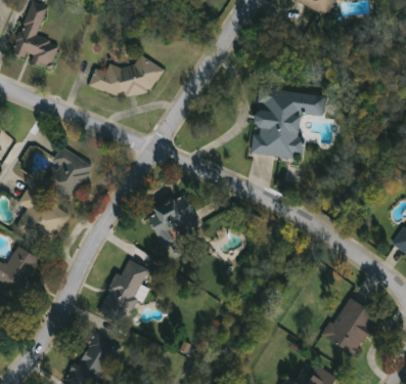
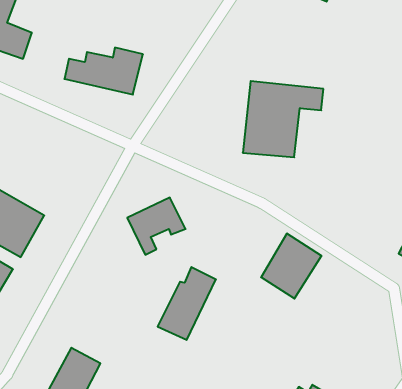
building: [38,145,92,200] -> none
building: [96,259,149,326] -> [158,267,216,340]
building: [323,296,378,355] -> [261,234,322,299]

